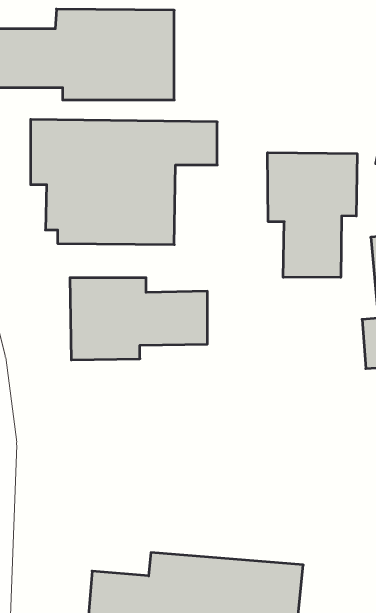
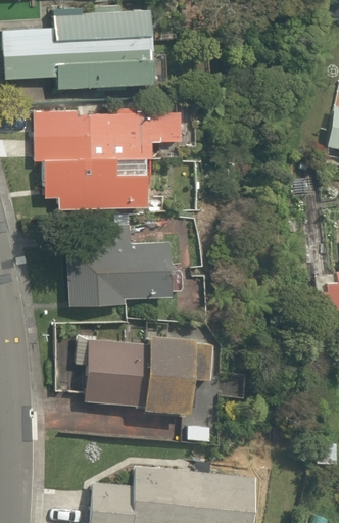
building: [268,153,357,277] -> none
building: none -> [84,338,223,439]

